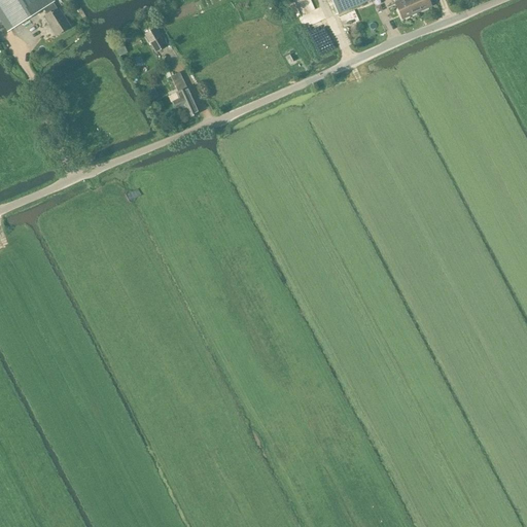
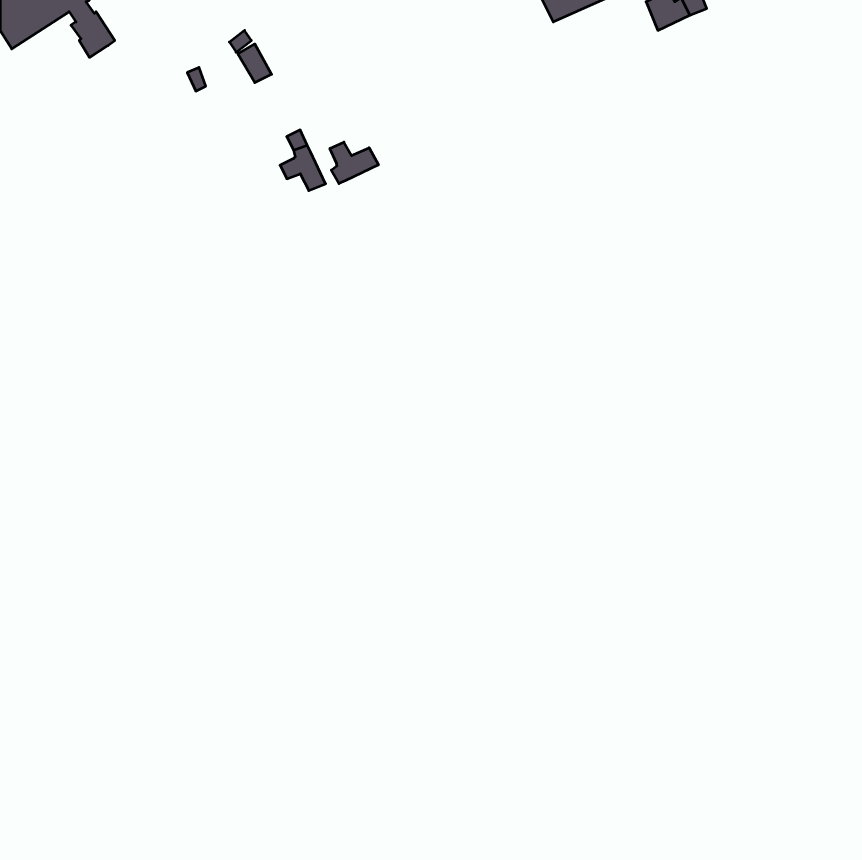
building: none -> [330,142,378,184]

